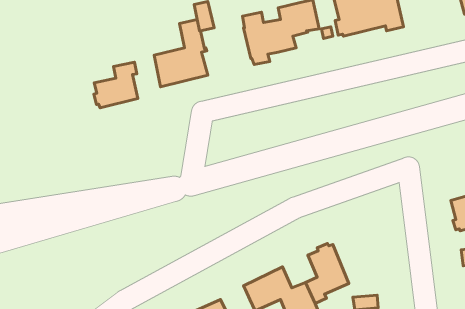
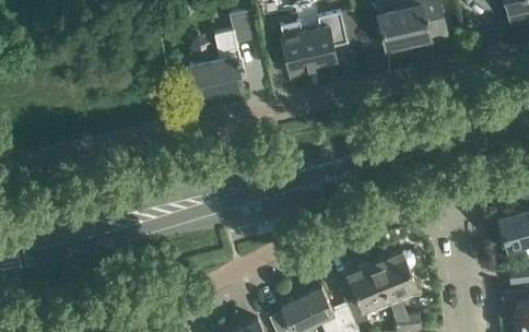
building: [94,62,138,108] -> none
building: none -> [374,252,419,305]

